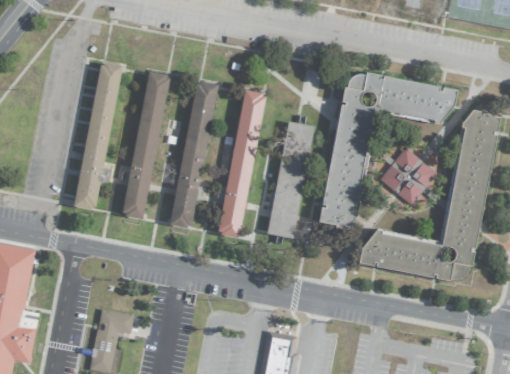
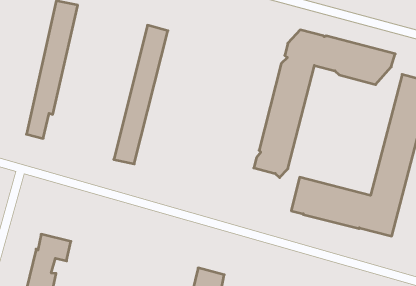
building: [122,72,169,219] -> none
building: [220,91,263,239] -> none
building: [268,122,313,239] -> none
building: [380,148,438,206] -> none

